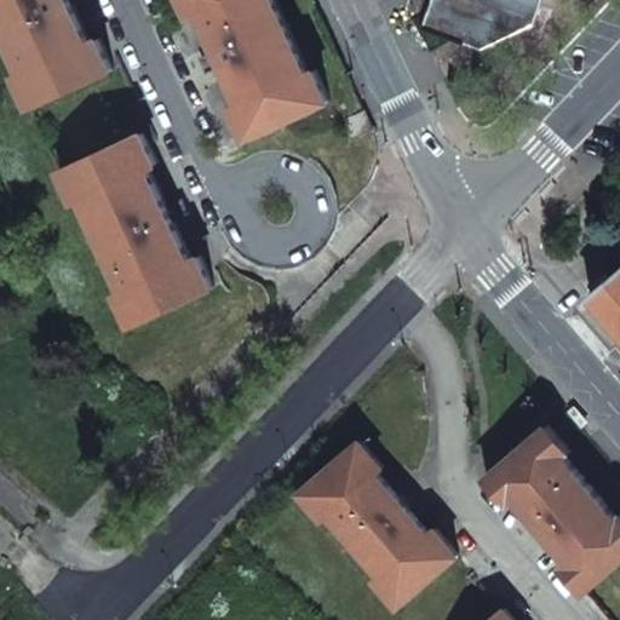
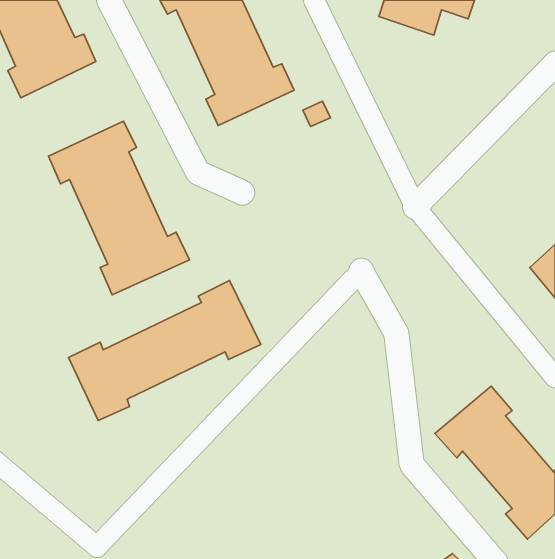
building: none -> [69,281,261,420]
building: [294,444,450,609] -> none

